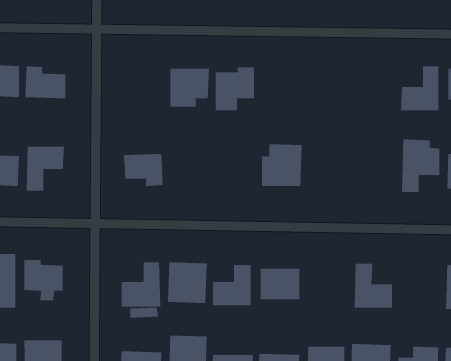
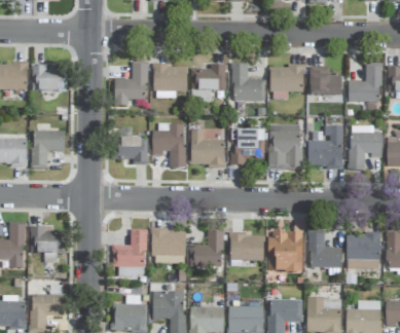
building: none -> [113,60,147,105]
building: none -> [232,62,265,100]
building: none -> [270,65,304,99]
building: none -> [310,66,341,95]
building: none -> [152,123,185,168]
building: none -> [268,124,301,170]
building: none -> [307,124,342,168]
building: none -> [190,128,224,165]
building: none -> [267,230,302,271]
building: none -> [347,232,380,267]

